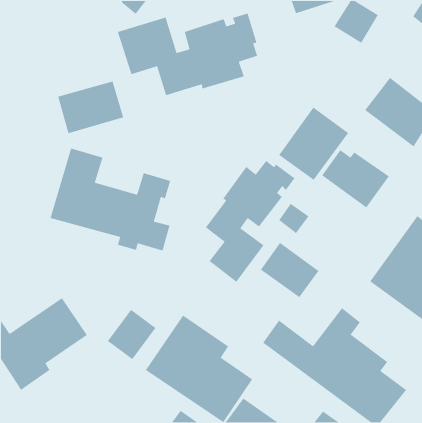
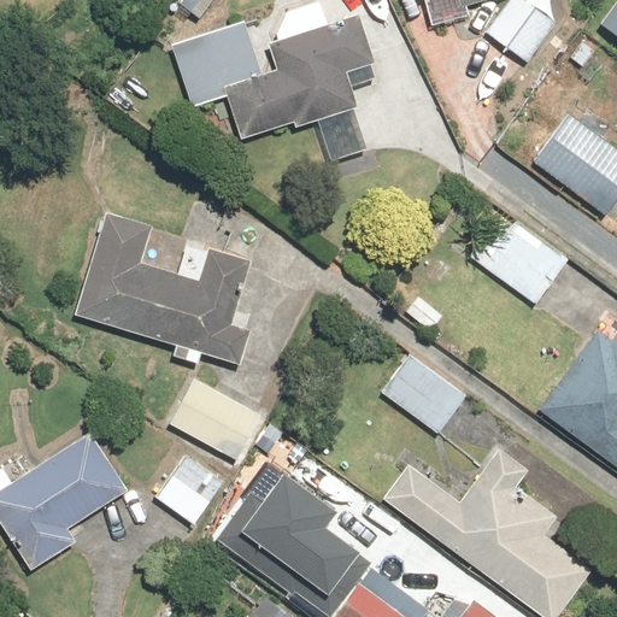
building: [57,81,124,134] -> none
building: [278,106,349,181] -> none
building: [205,160,295,283] -> none
building: none -> [169,380,259,462]

